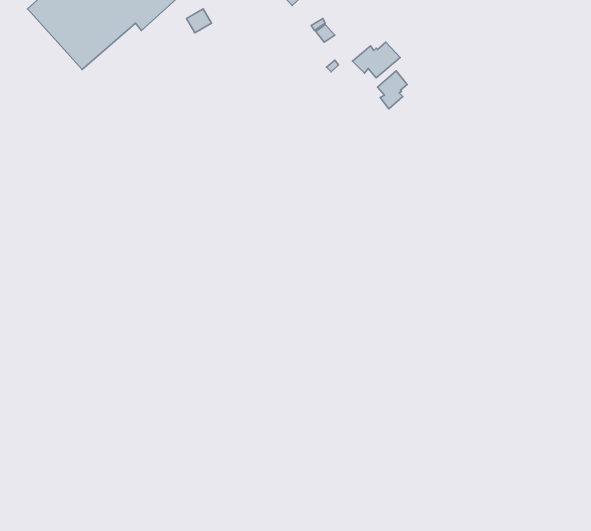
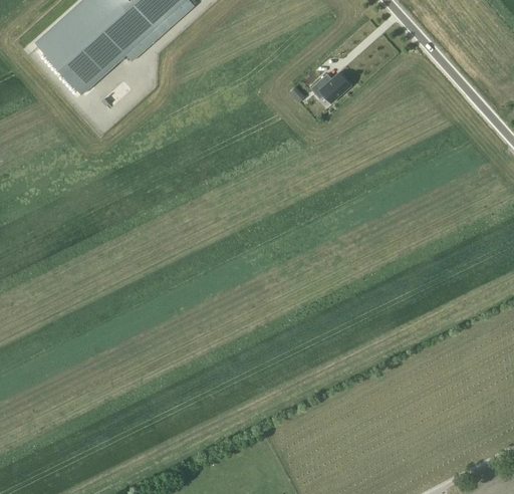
building: [378,71,407,109] -> none

